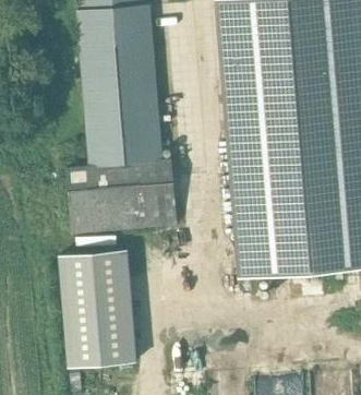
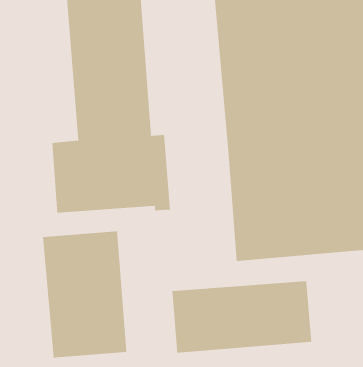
building: none -> [172,279,312,353]

